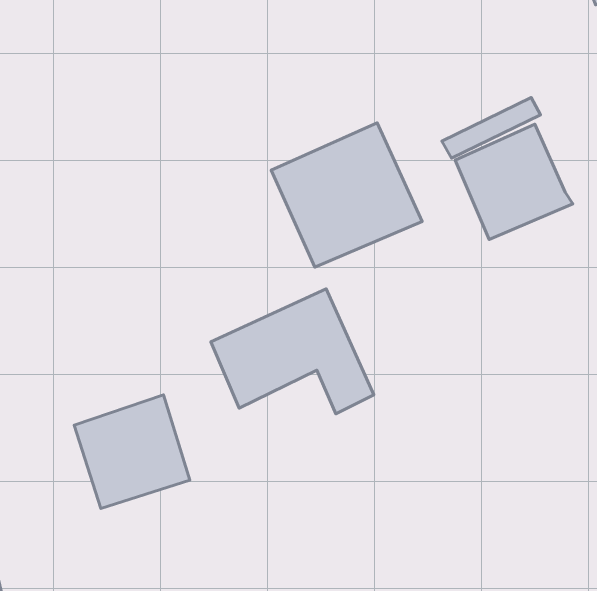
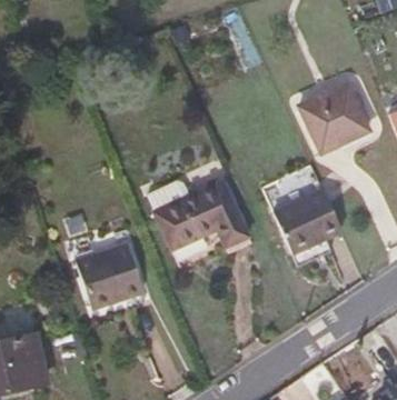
building: [271,123,422,267] -> none
building: none -> [280,190,348,254]

